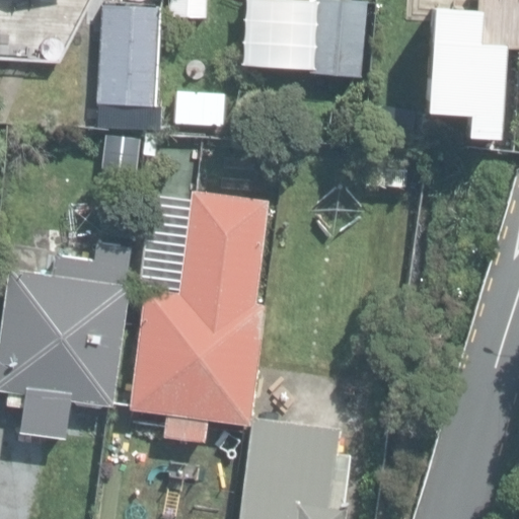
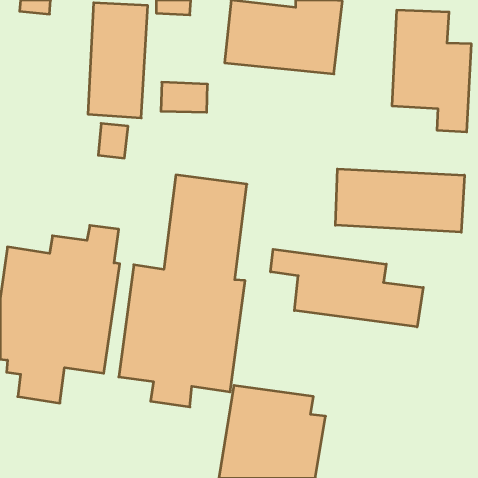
building: none -> [335,169,464,232]
building: none -> [271,249,423,327]

